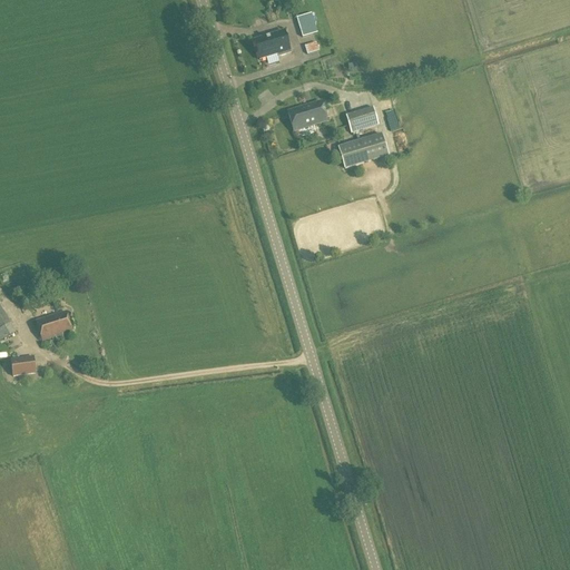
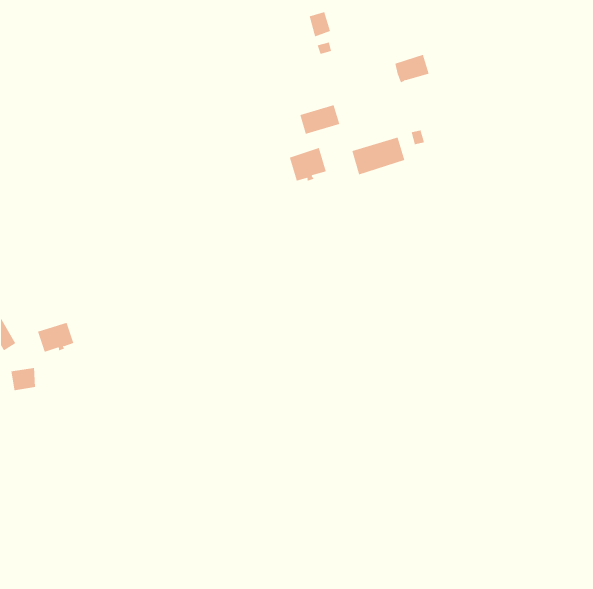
building: [253,28,289,57] -> none
building: [345,105,379,132] -> [395,54,429,83]
building: none -> [289,147,326,182]

